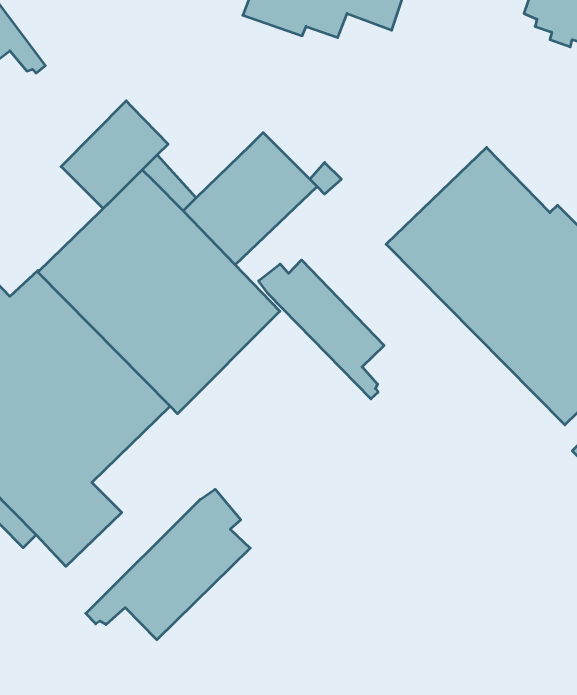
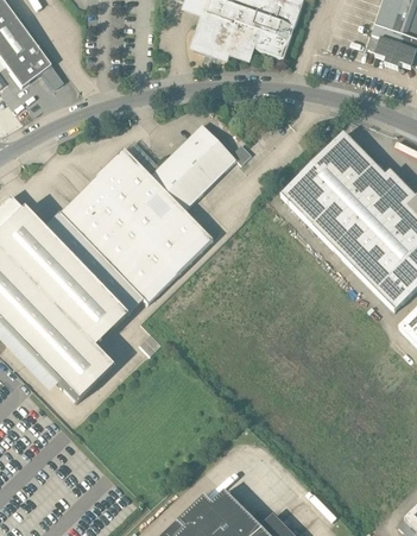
building: [61,101,168,209] -> none
building: [259,260,384,399] -> none
building: [86,489,250,640] -> none

